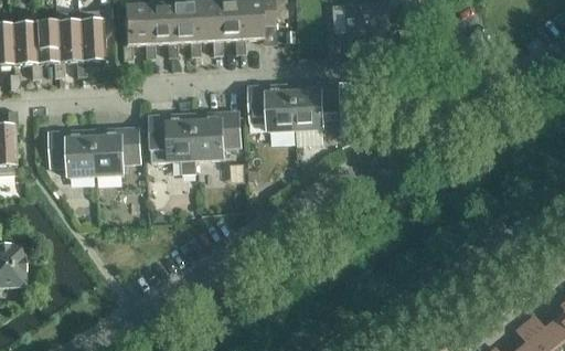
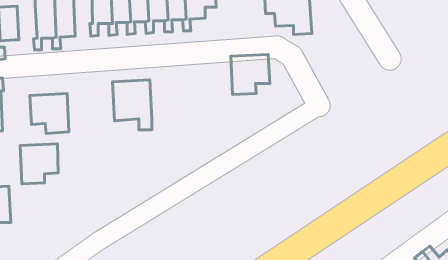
building: [31,22,57,78] -> none
building: [248,84,295,131] -> none
building: [194,110,241,160] -> none
building: [94,127,140,176] -> [20,144,58,184]

